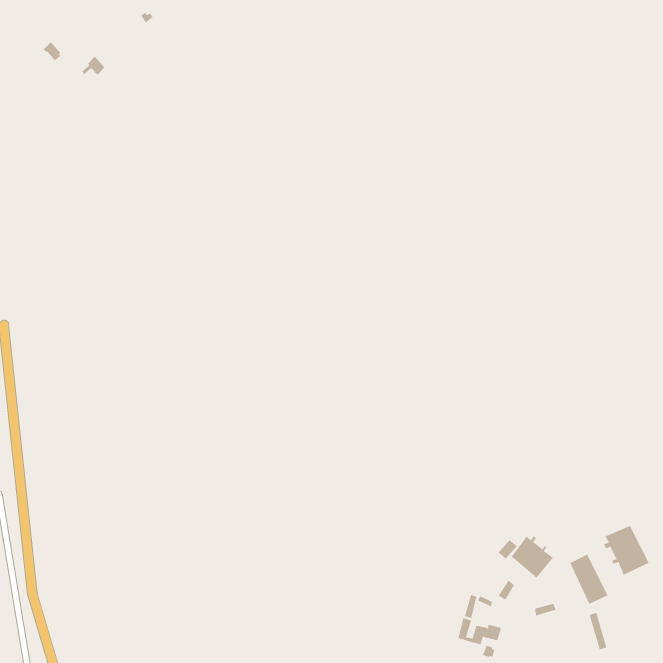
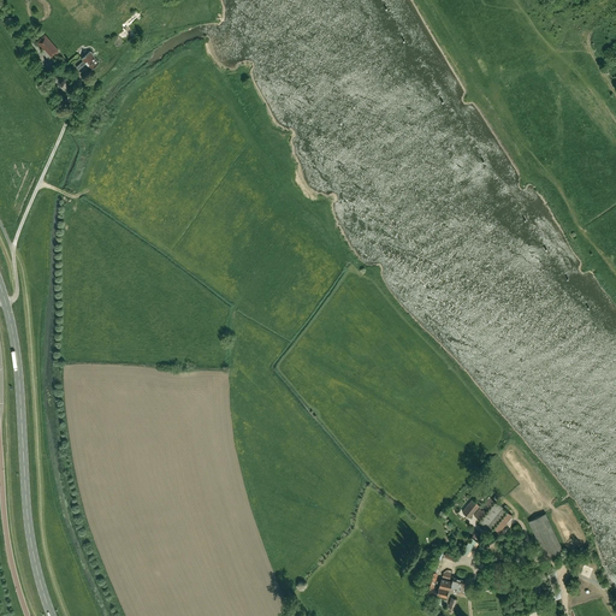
building: [603,525,650,576] -> none

